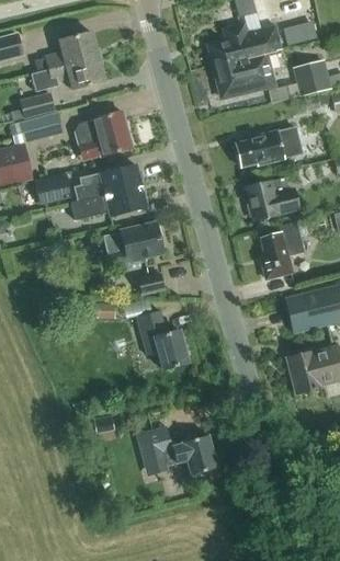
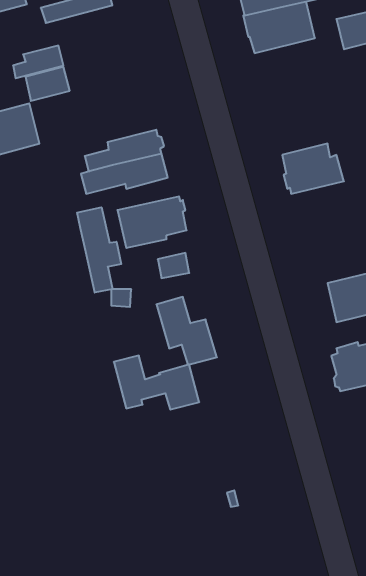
building: [32,56,105,90] -> none
building: [73,111,133,160] -> none
building: [235,127,302,165] -> none
building: [35,173,72,203] -> none
building: [261,221,305,278] -> none
building: none -> [77,207,121,293]
building: [143,427,217,474] -> [114,356,199,410]

